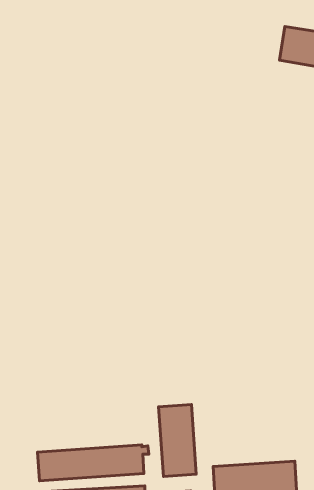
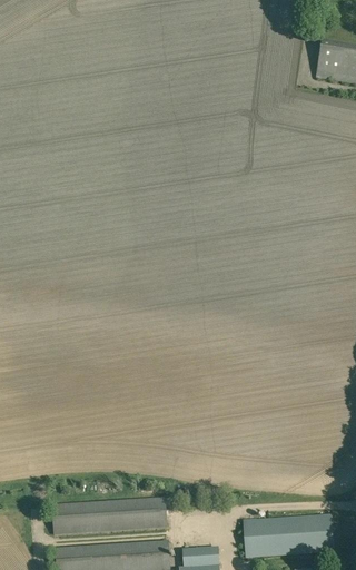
building: [159,405,196,476] -> none

